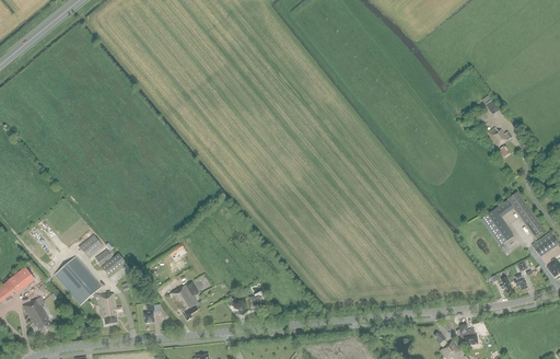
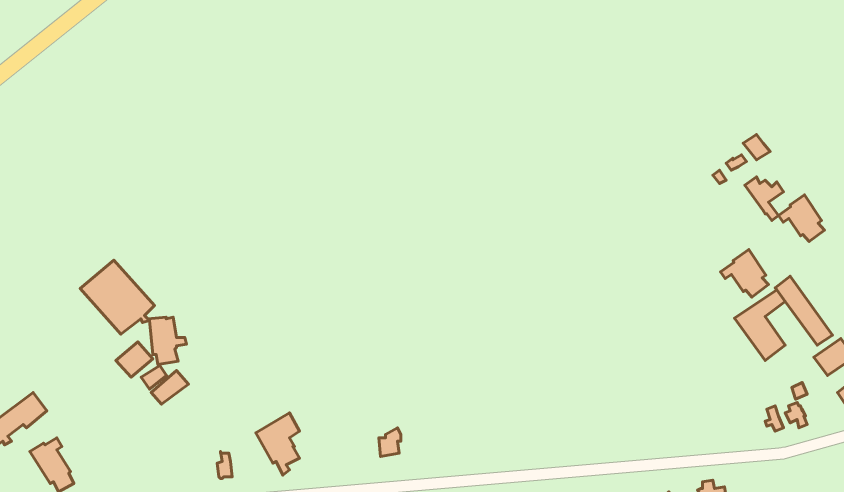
building: none -> [778,195,824,242]
building: none -> [721,250,768,297]
building: [54,255,122,323] -> [80,260,186,364]

